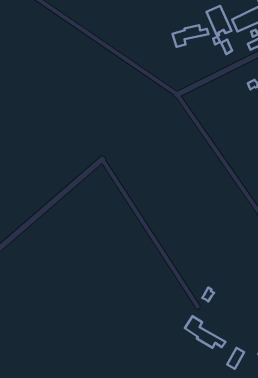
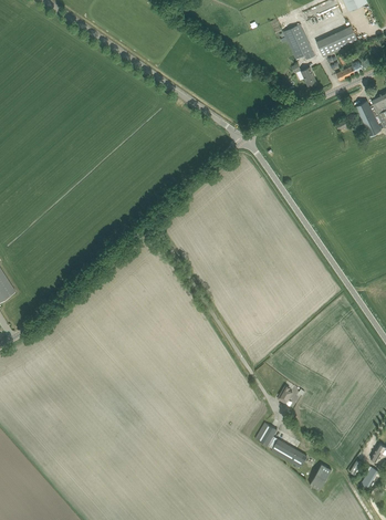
building: [173,25,209,47] -> none

